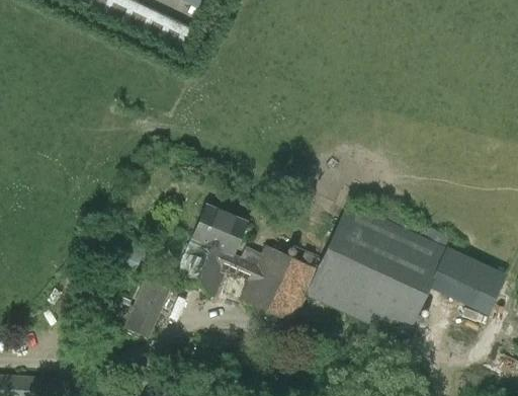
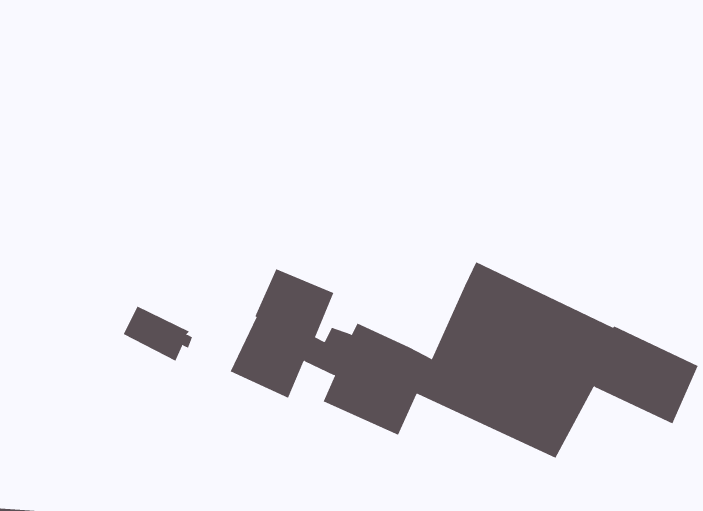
building: [124,279,170,338] -> none

